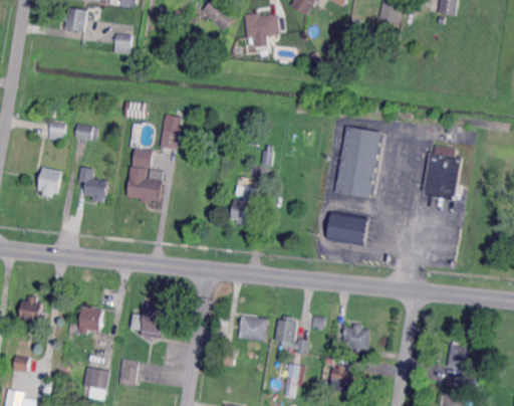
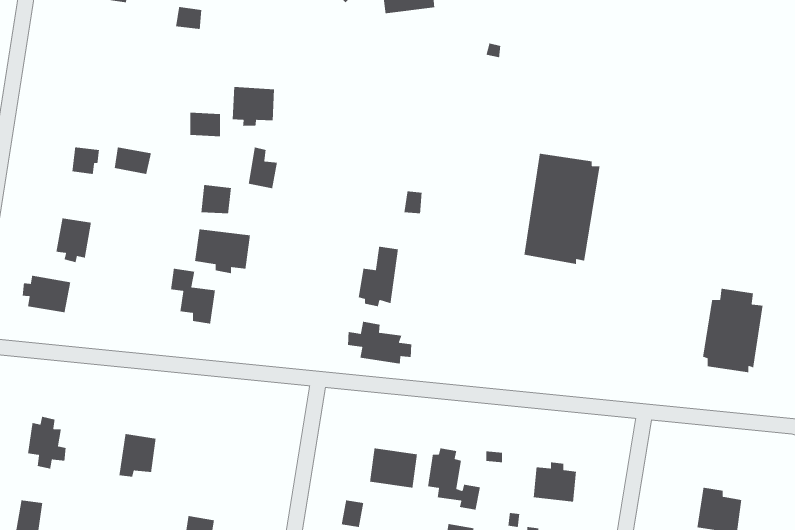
building: none -> [232,86,275,127]
building: [422,146,461,200] -> [702,288,763,373]
building: [77,167,106,203] -> [170,268,216,325]
building: none -> [22,275,71,313]
building: [326,213,366,244] -> none
building: none -> [347,321,412,365]
building: [130,301,167,339] -> none

